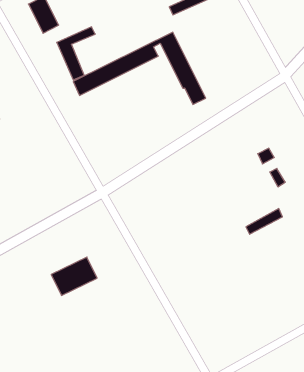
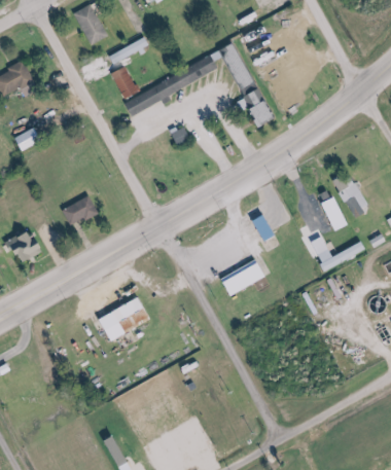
building: none -> [61,196,97,226]
building: none -> [320,196,347,231]
building: none -> [220,259,265,296]

